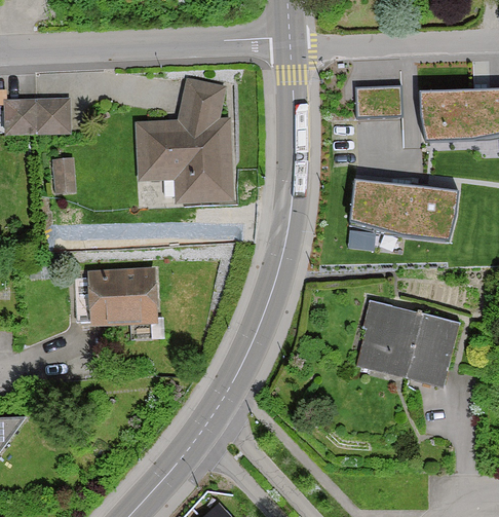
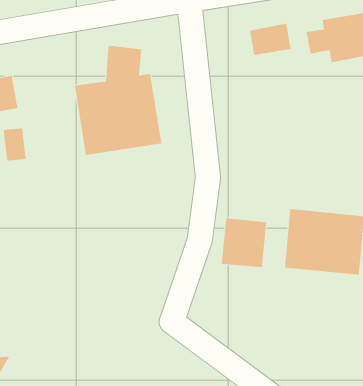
building: [349,187,456,245] -> none
building: [92,258,159,324] -> none
building: none -> [221,218,267,268]

